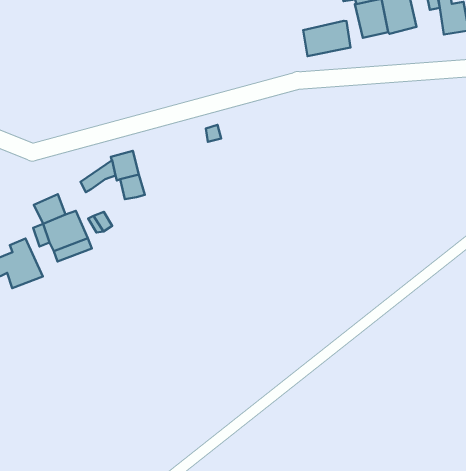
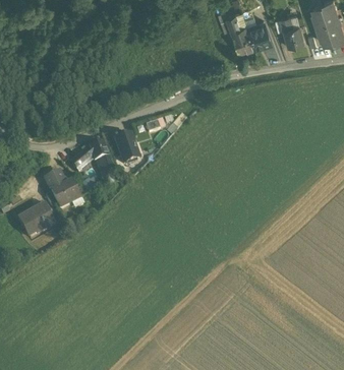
building: [303,21,350,56] -> none
building: none -> [114,129,138,158]

